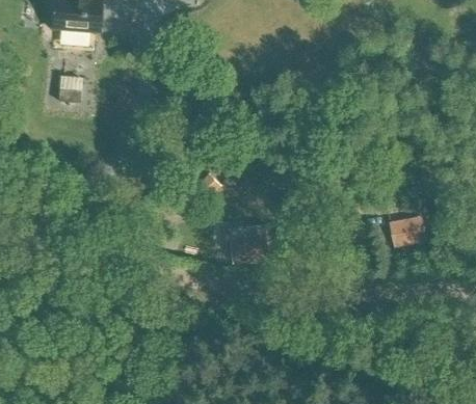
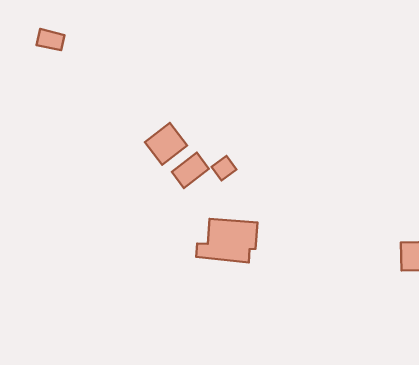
building: none -> [145,123,187,165]

